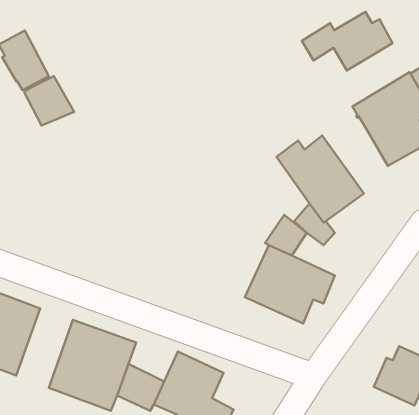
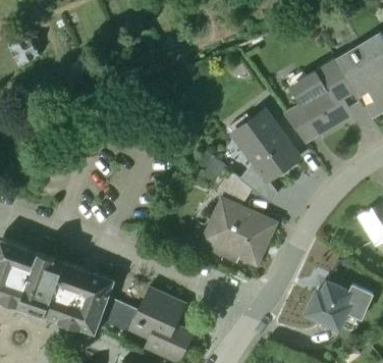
building: [302,12,392,71] -> none
building: [24,76,74,125] -> none
building: none -> [283,105,318,143]
building: none -> [18,250,64,314]

